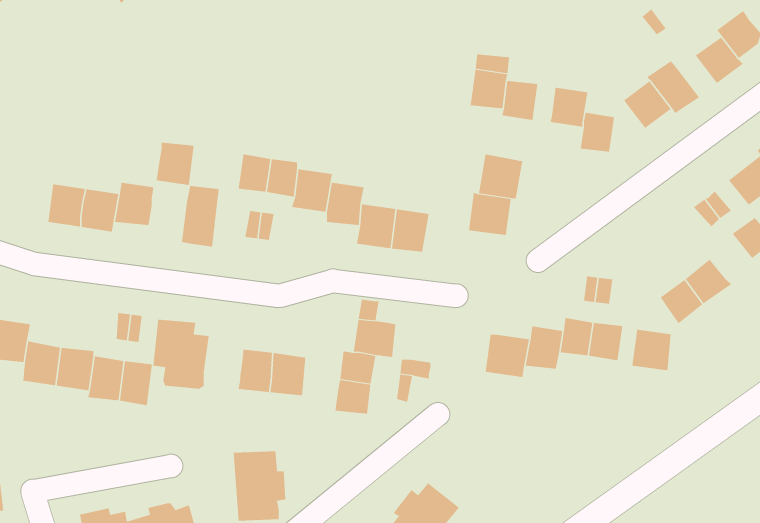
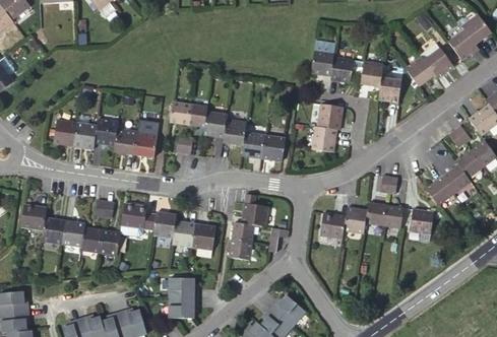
building: [156,142,194,186] -> [115,129,138,155]
building: none -> [456,150,483,178]
building: none -> [149,209,173,237]

